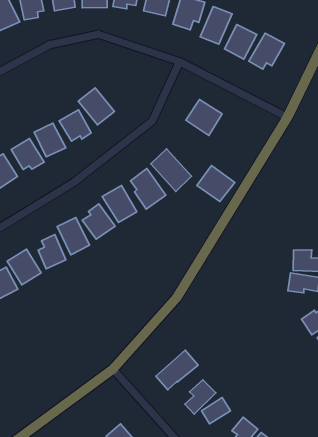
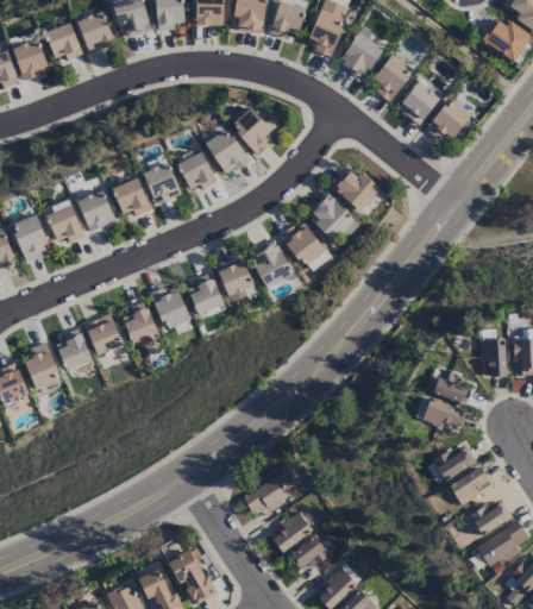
building: none -> [230,105,274,155]
building: [197,165,235,202] -> [307,194,355,240]

